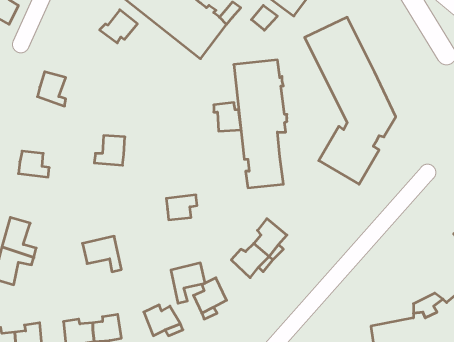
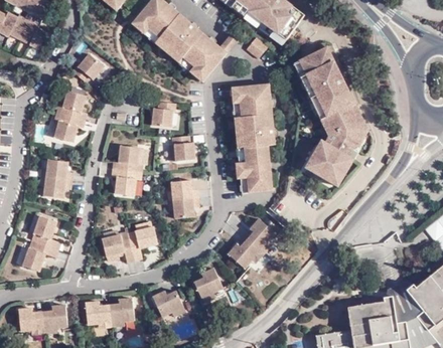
building: [100,10,137,43] -> [72,55,105,83]
building: none -> [151,100,175,126]
building: none -> [56,113,87,141]
building: [214,103,241,131] -> [172,135,195,159]
building: none -> [112,169,136,195]
building: none -> [45,178,72,198]
building: none -> [171,178,198,199]
building: [171,263,205,303] -> [129,225,158,259]

